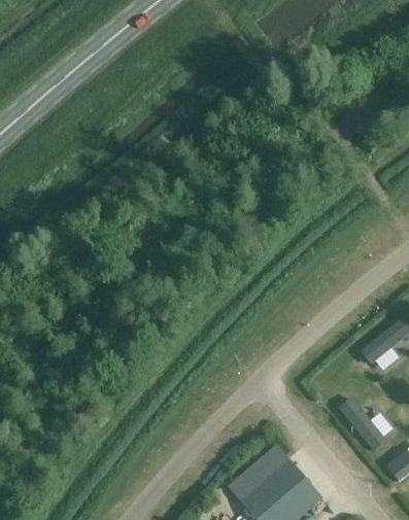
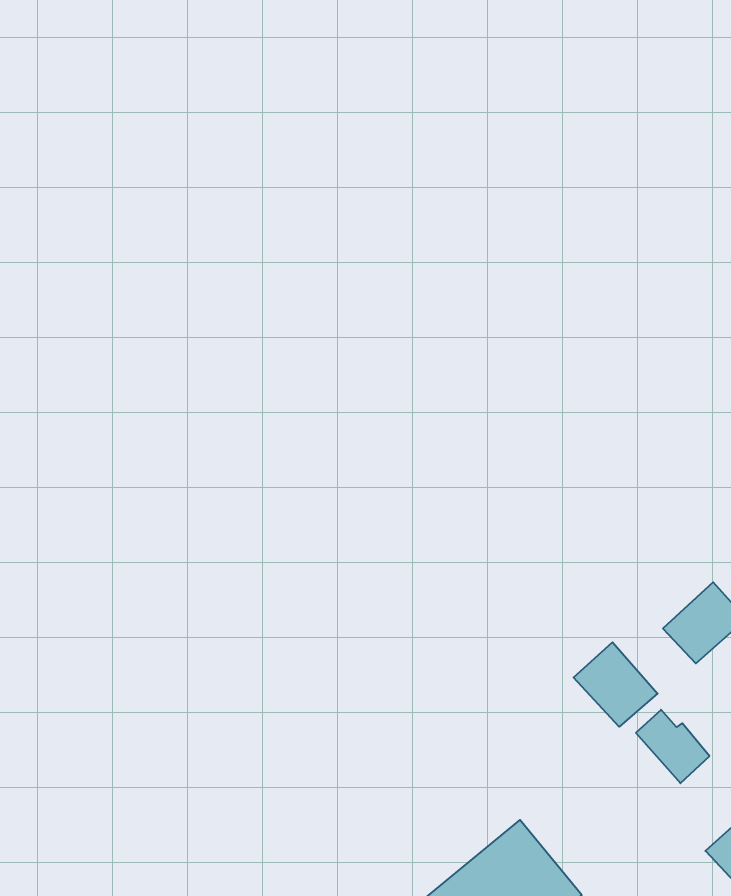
building: none -> [574,642,658,727]

